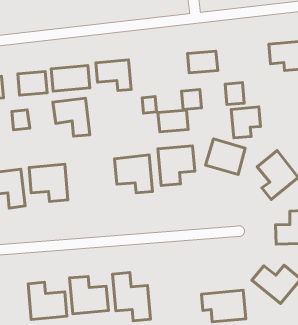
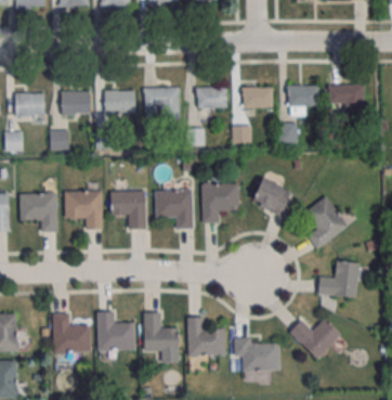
building: [53,98,90,136] -> [110,191,146,230]
building: [231,107,260,138] -> [289,86,318,116]
building: [158,110,188,132] -> [198,88,228,108]
building: none -> [188,319,225,356]

